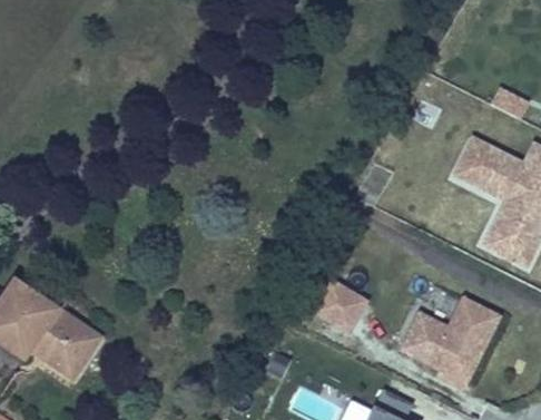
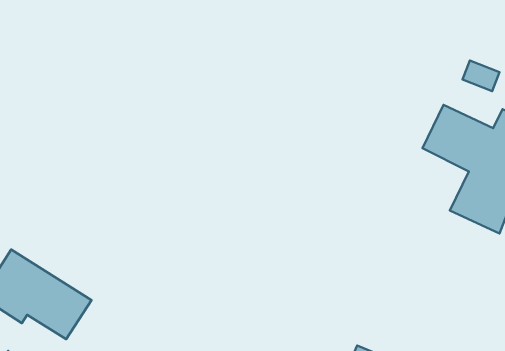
building: [318,280,371,333] -> none
building: [396,292,504,384] -> none

